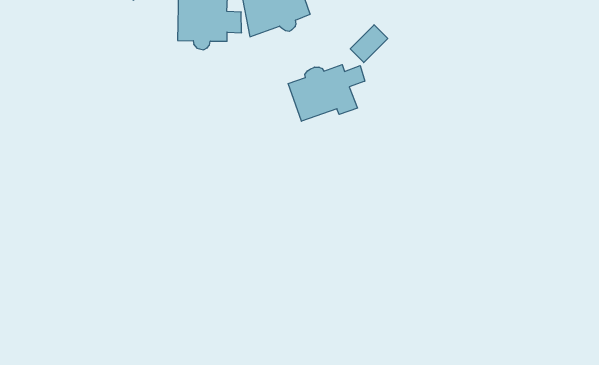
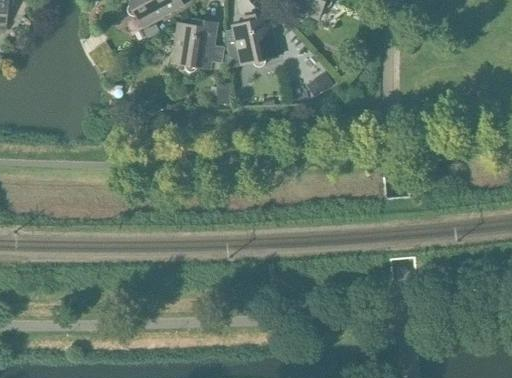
building: [288,65,365,121] -> none

